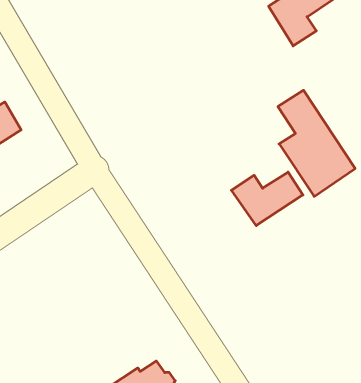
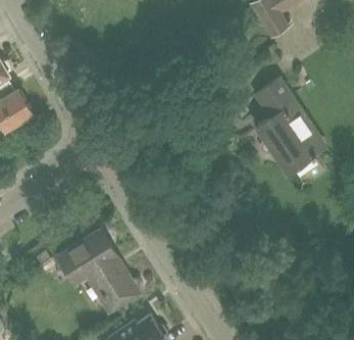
building: [231,172,303,226] -> none
building: none -> [57,231,143,312]

